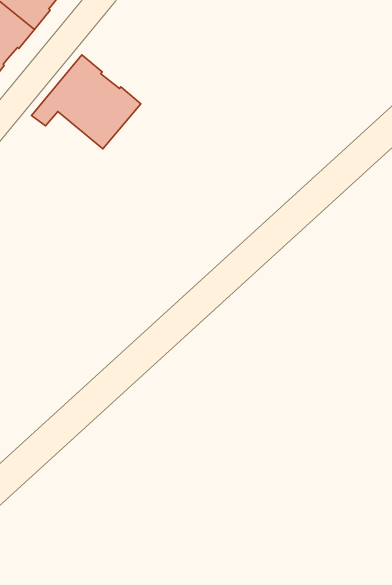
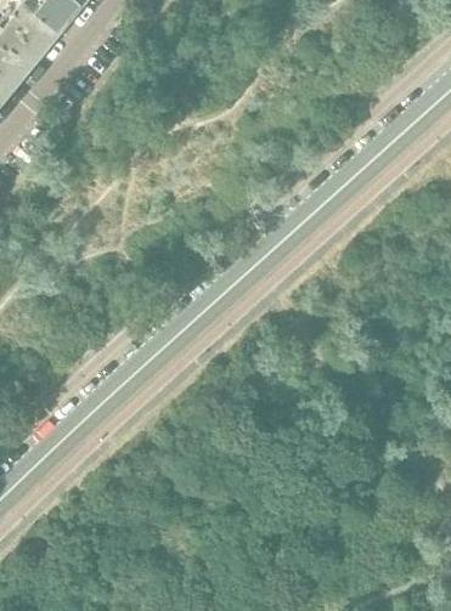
building: [32,55,141,149] -> none

